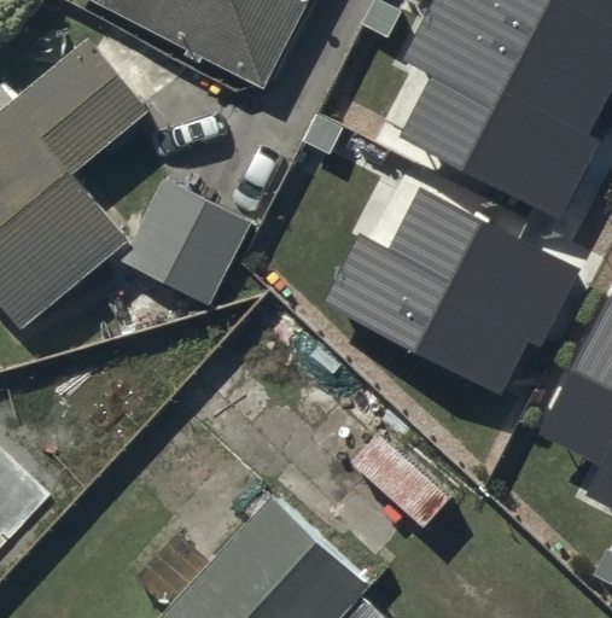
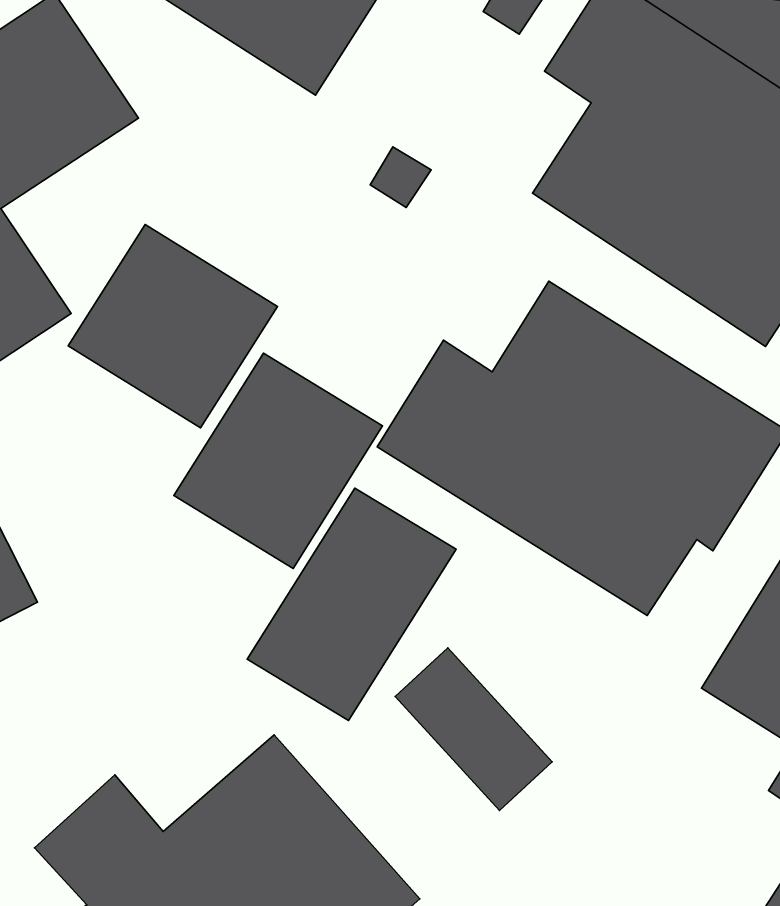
building: none -> [174,353,383,568]
building: none -> [247,488,456,720]

